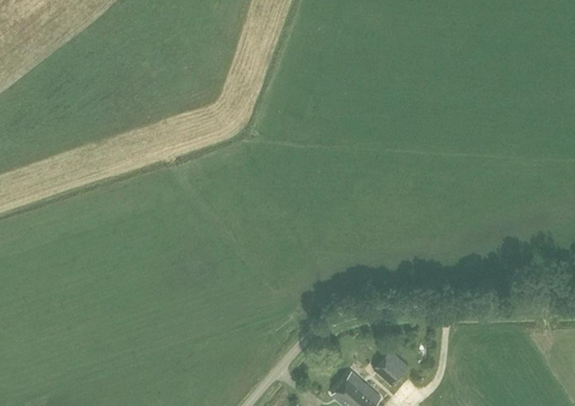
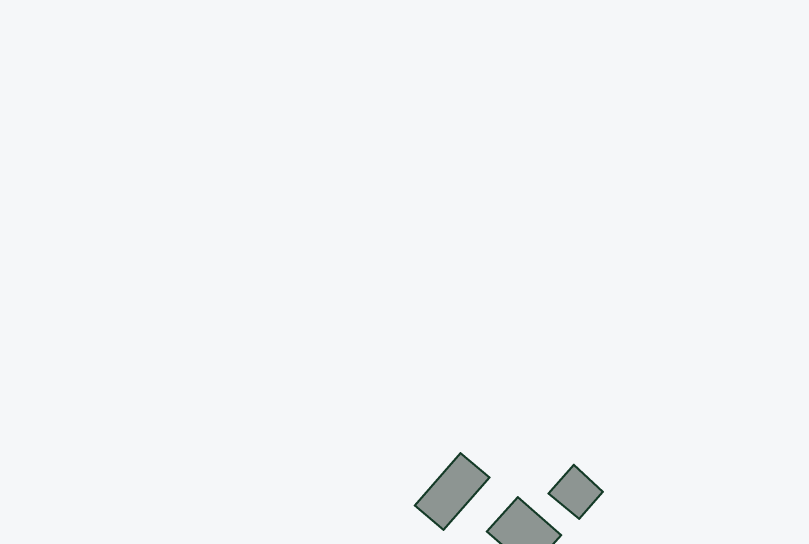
building: none -> [415,453,489,530]

